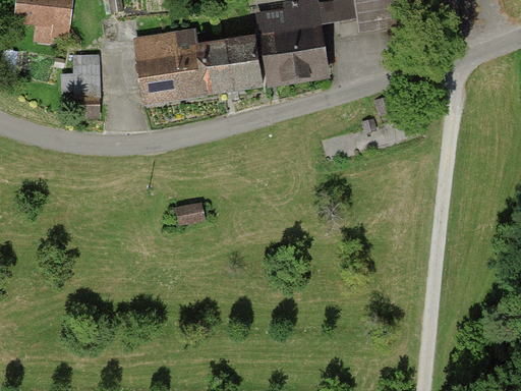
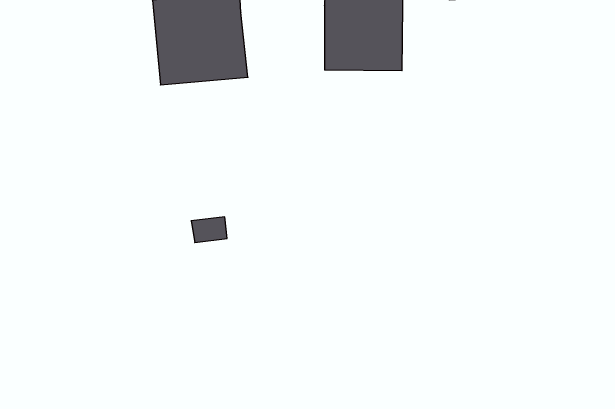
building: [200,33,268,92] -> none
building: [72,49,100,93] -> none

